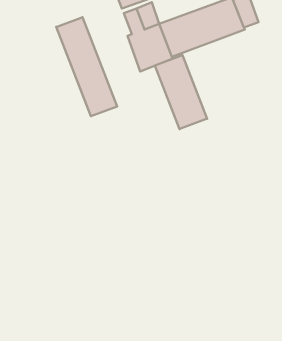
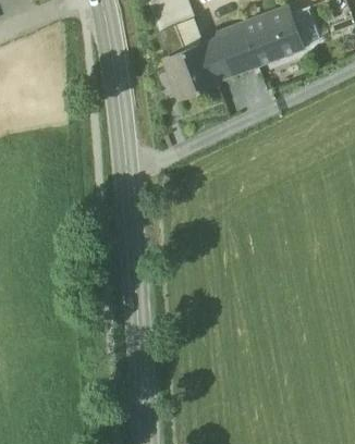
building: [56,17,117,116] -> none
building: [155,55,207,129] -> none

